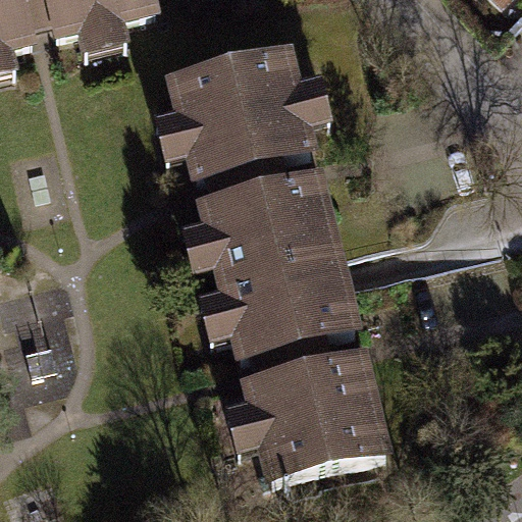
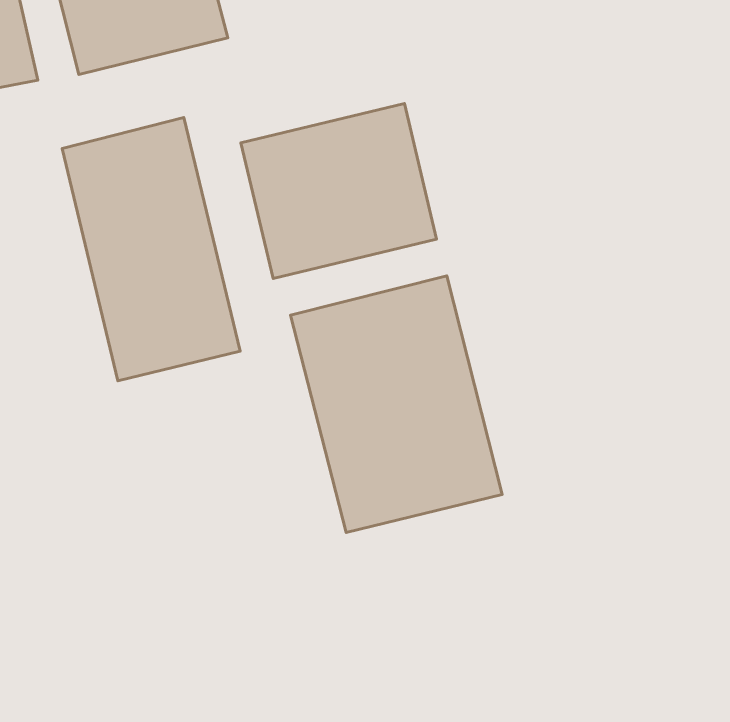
building: none -> [62,117,240,381]
building: [252,370,382,490] -> none

